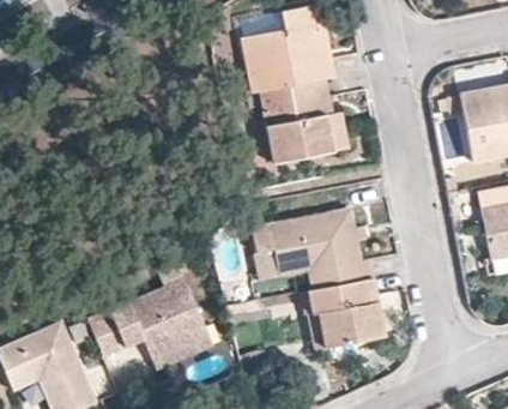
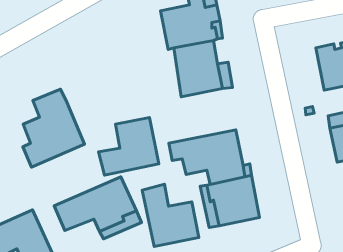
building: none -> [23,89,85,167]
building: none -> [99,117,159,175]
building: none -> [142,184,199,246]

